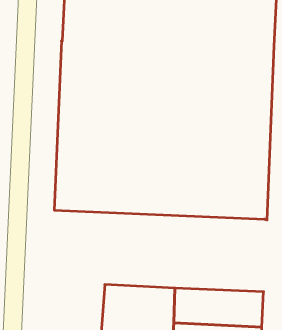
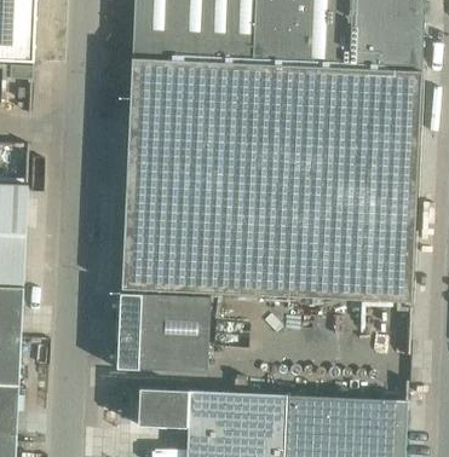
building: none -> [116,294,211,372]
building: none -> [138,388,189,427]

